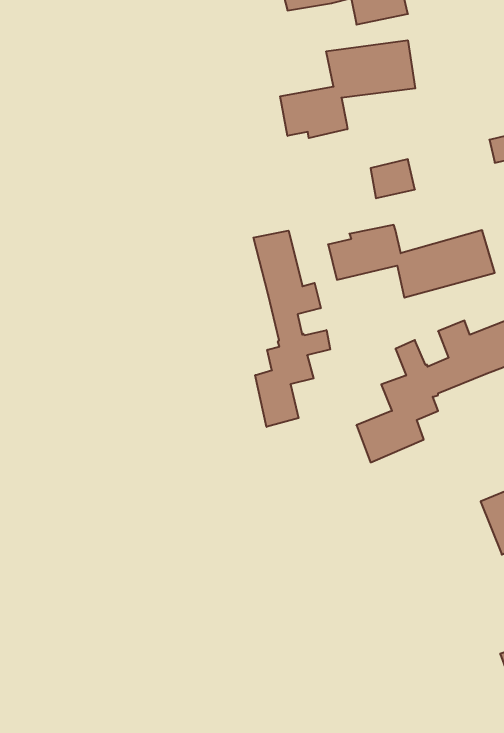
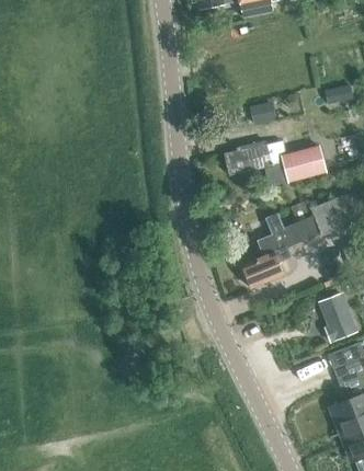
building: [280,40,415,138] -> none
building: [253,231,330,427] -> none

